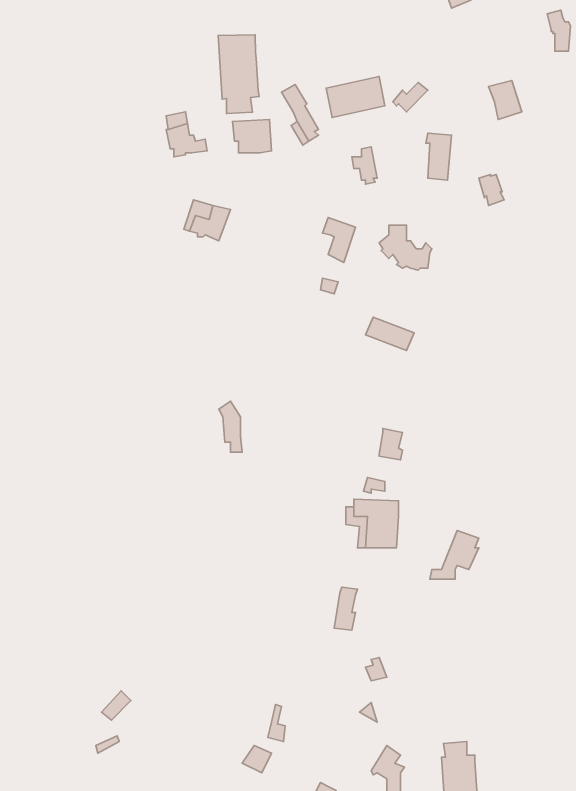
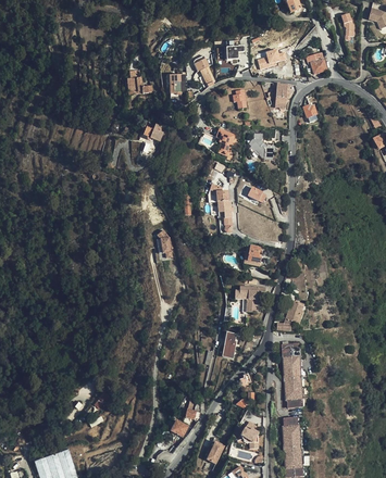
building: [218,35,259,114] -> none
building: none -> [208,185,232,232]
building: none -> [282,345,302,408]

